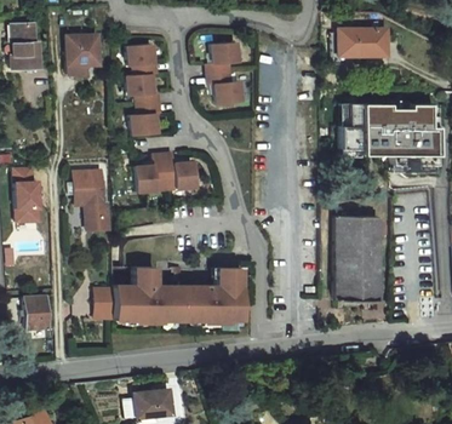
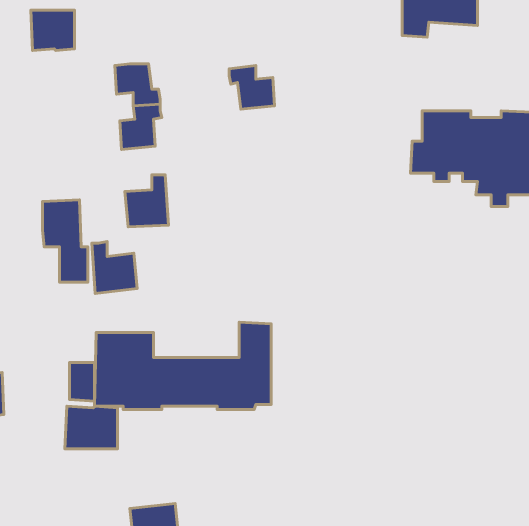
building: [127,44,158,74] -> none
building: [208,45,240,78] -> none
building: [164,153,196,190] -> [92,241,137,293]
building: [338,208,381,292] -> none
building: none -> [65,406,117,449]

